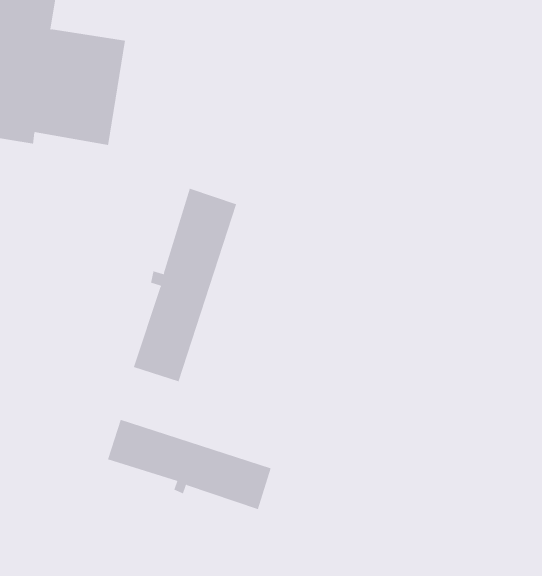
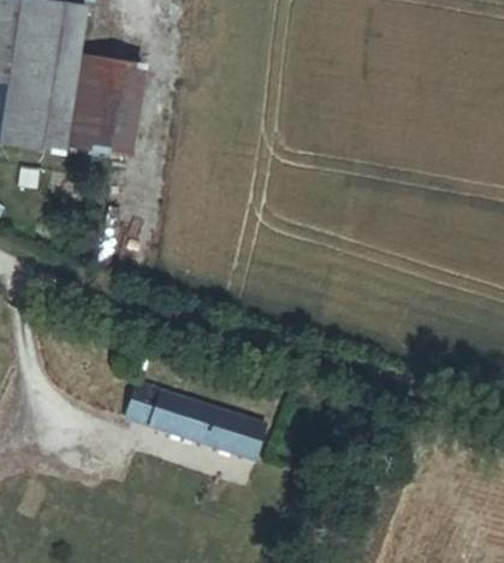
building: [133,188,237,382] -> none

